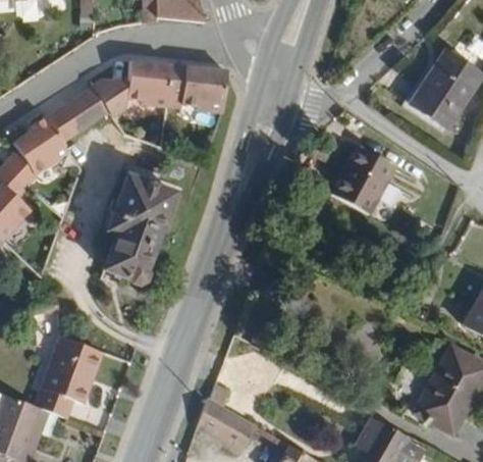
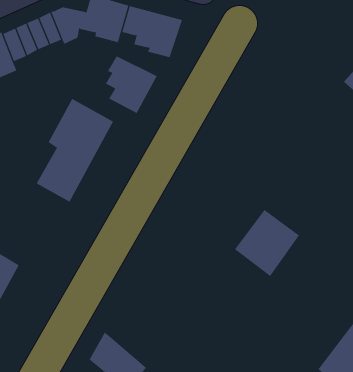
building: none -> [105,55,158,114]
building: [331,148,395,215] -> [234,209,300,277]

